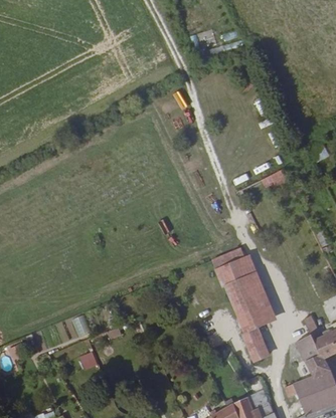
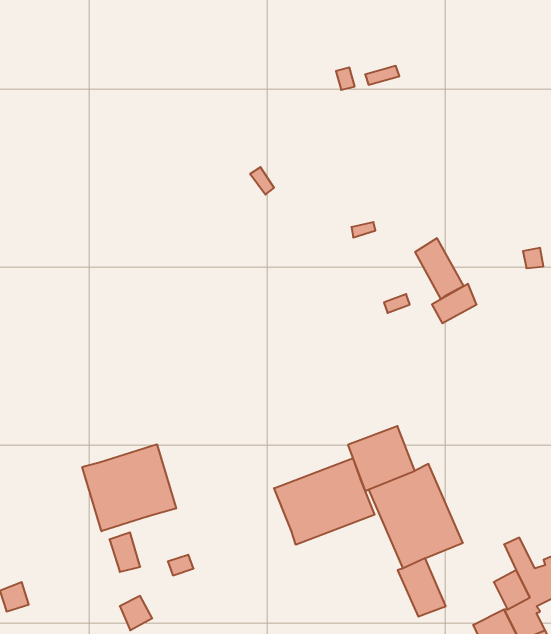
building: none -> [415,238,464,299]
building: none -> [82,444,176,531]
building: none -> [274,458,375,545]

